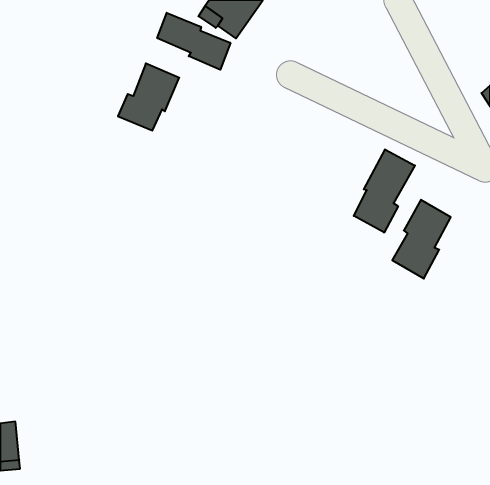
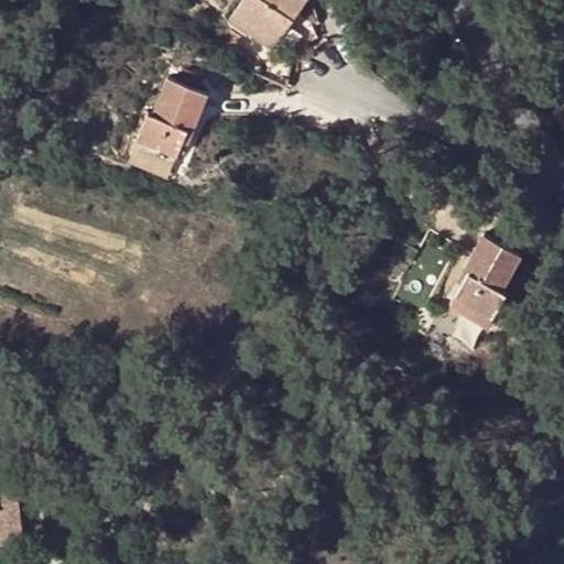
building: [157,13,230,70] -> none
building: [354,149,415,233] -> none

